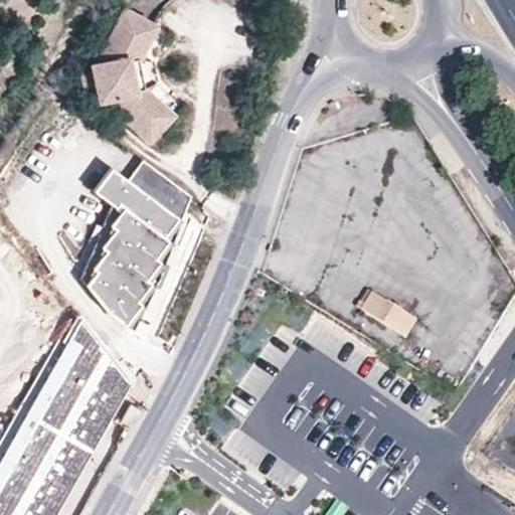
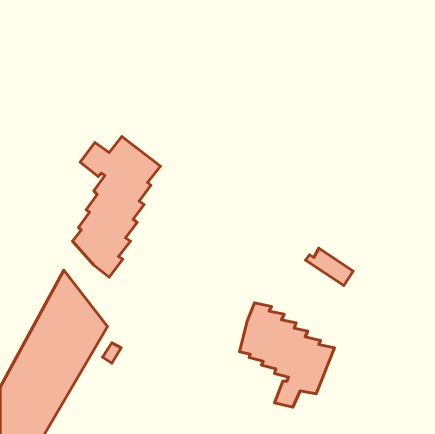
building: [95,7,175,141] -> none
building: none -> [240,303,334,407]

